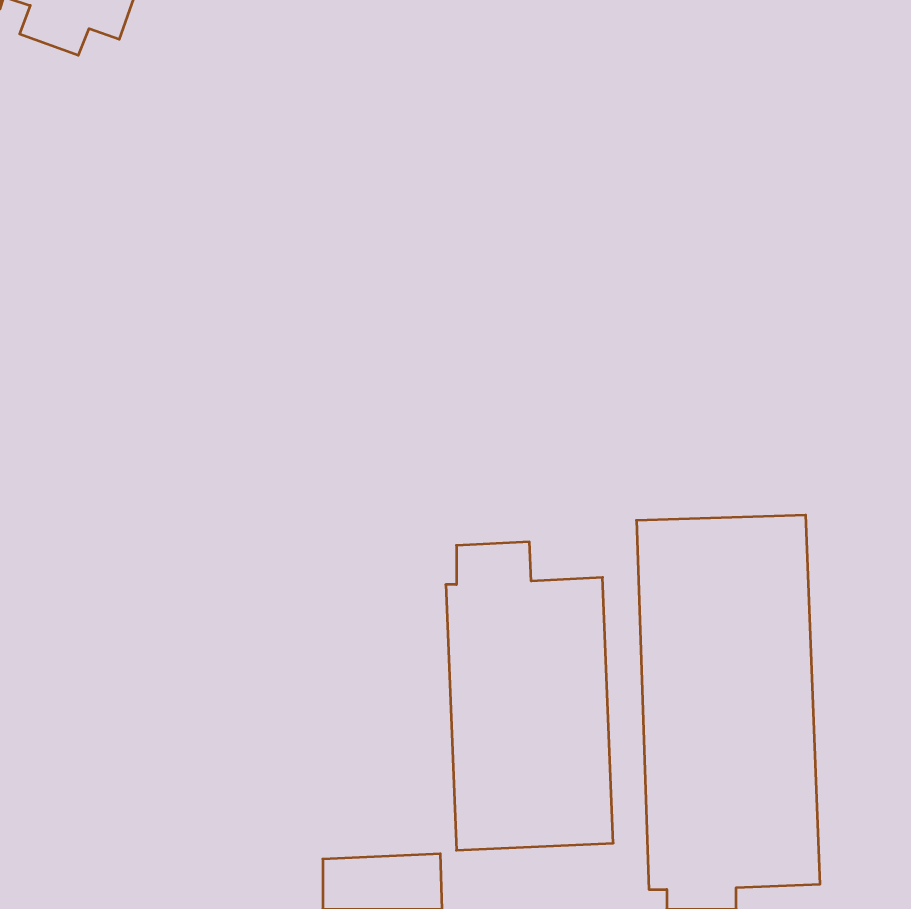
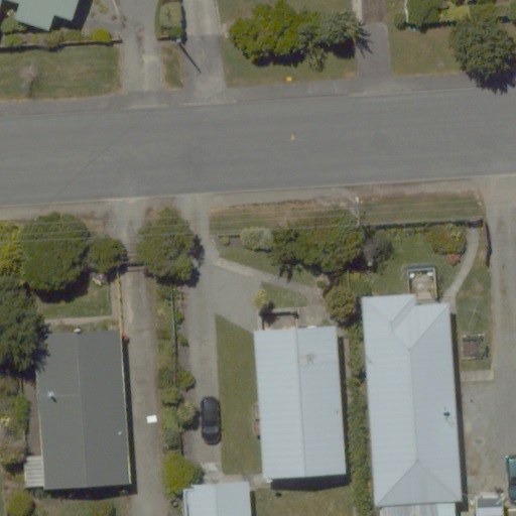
building: none -> [20,332,158,494]

